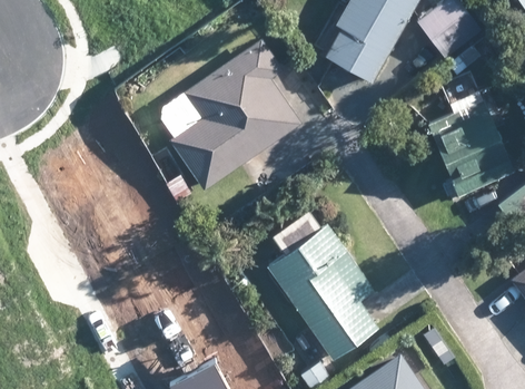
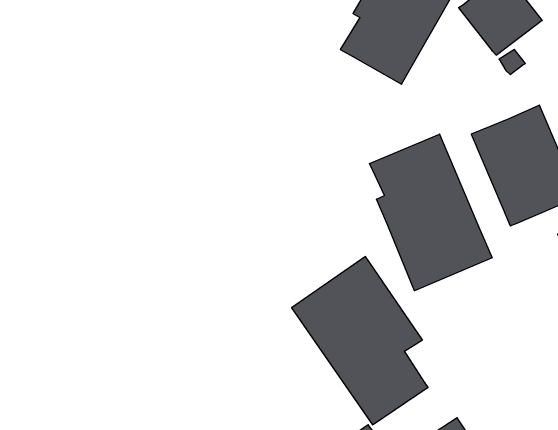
building: [177,39,309,192] -> none
building: none -> [370,134,492,291]

